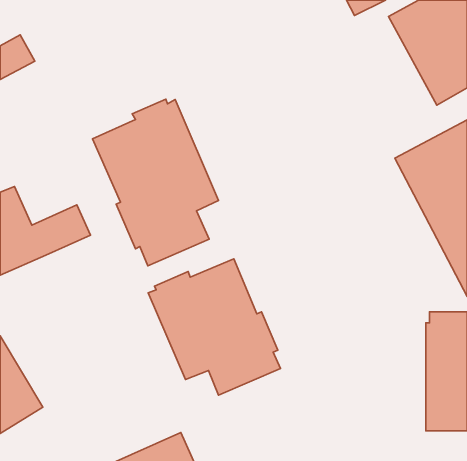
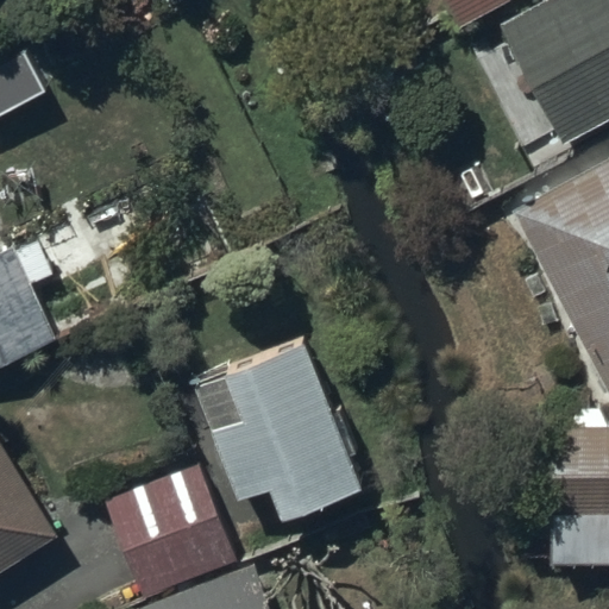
building: [93,99,219,266] -> none
building: none -> [106,462,239,602]

